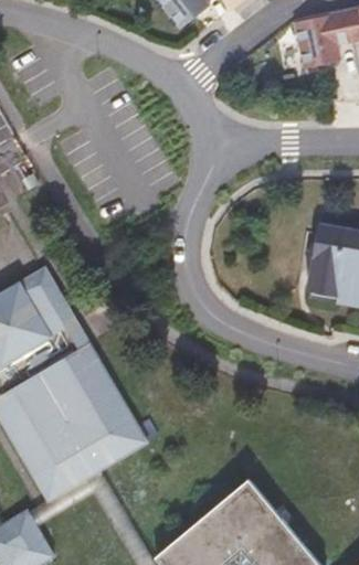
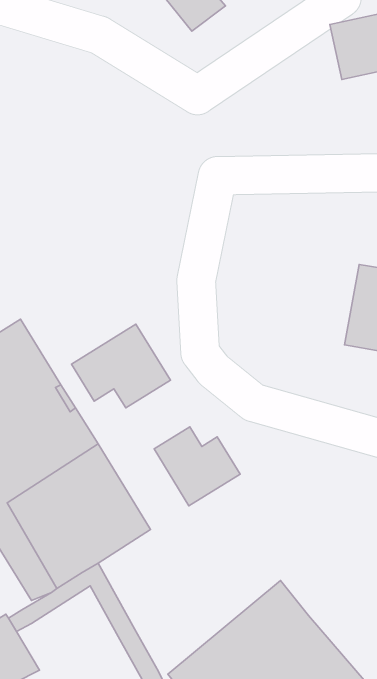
building: none -> [72,324,171,408]
building: none -> [154,427,240,506]

